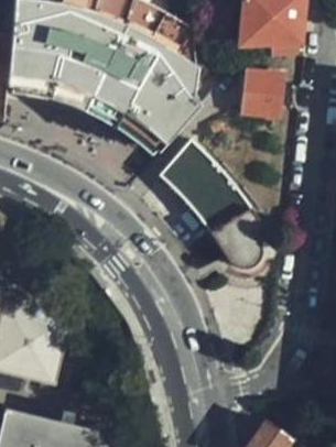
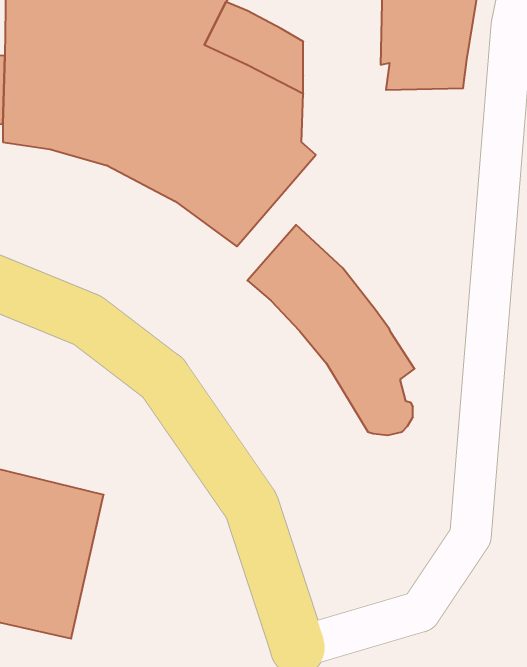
building: [237,75,280,113] -> none

